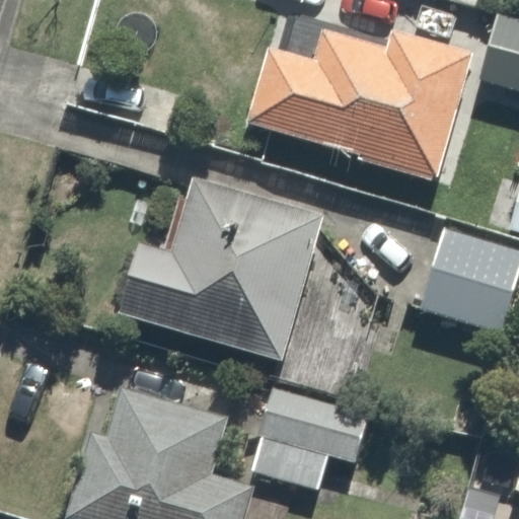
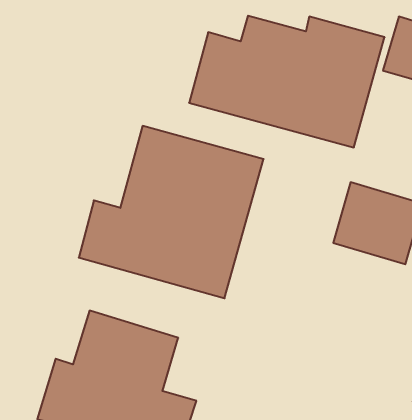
building: [244,382,379,495] -> none

